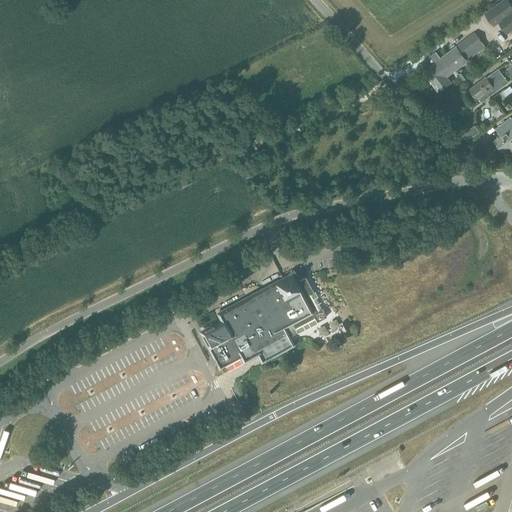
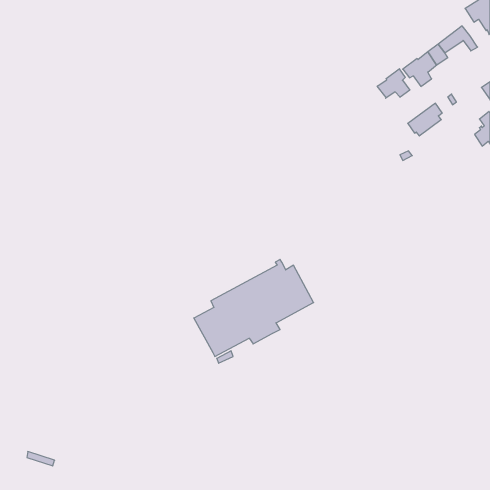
building: [469,67,505,101] -> [408,103,442,136]
building: none -> [377,69,410,98]

